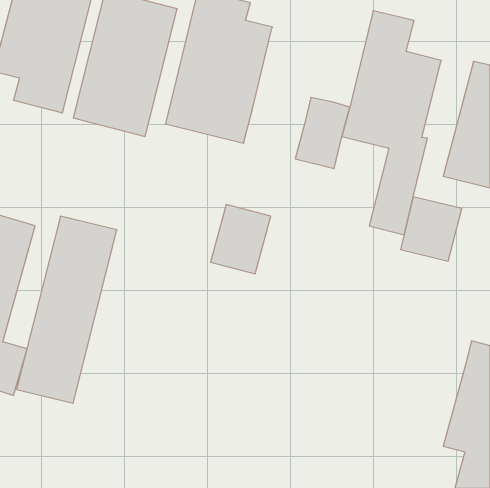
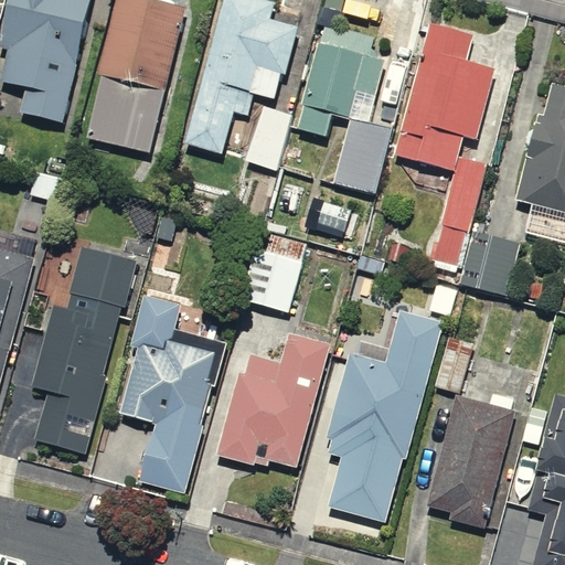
building: none -> [295,34,393,139]
building: none -> [106,292,220,489]
building: none -> [320,309,479,525]
building: none -> [212,328,335,478]
building: none -> [412,393,526,534]

